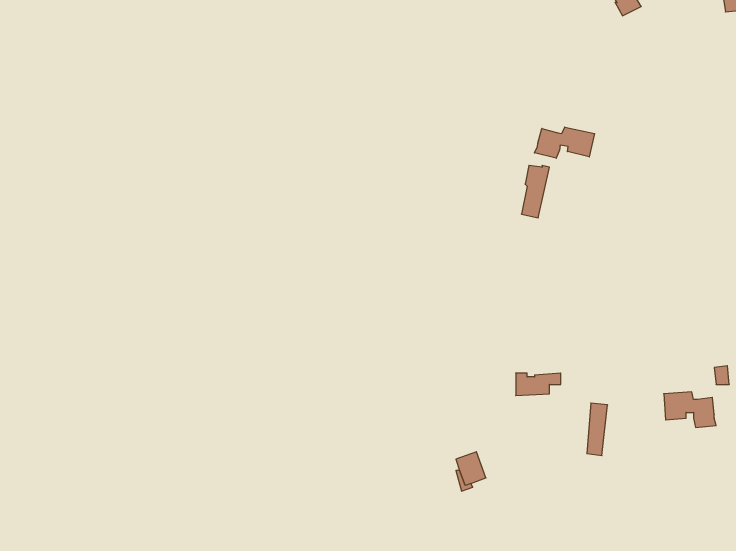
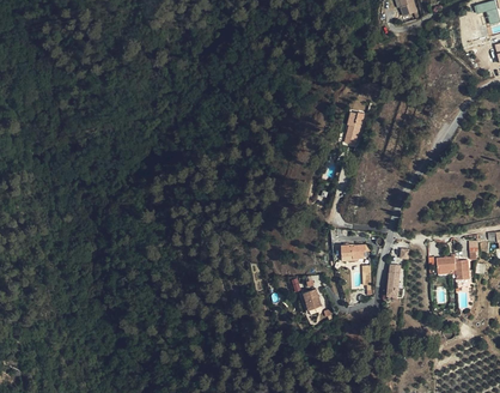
building: [534,127,595,158] -> none

